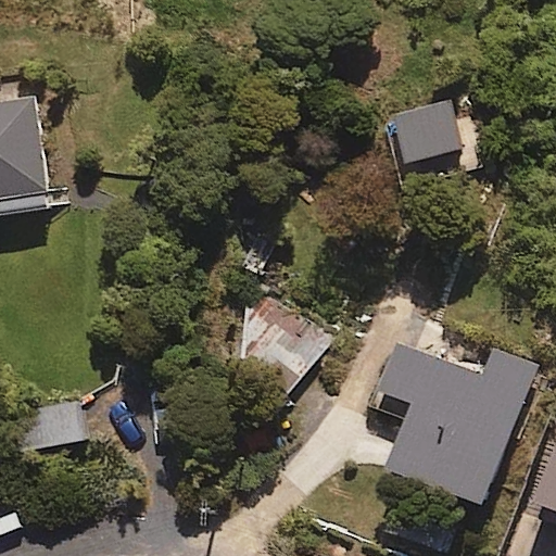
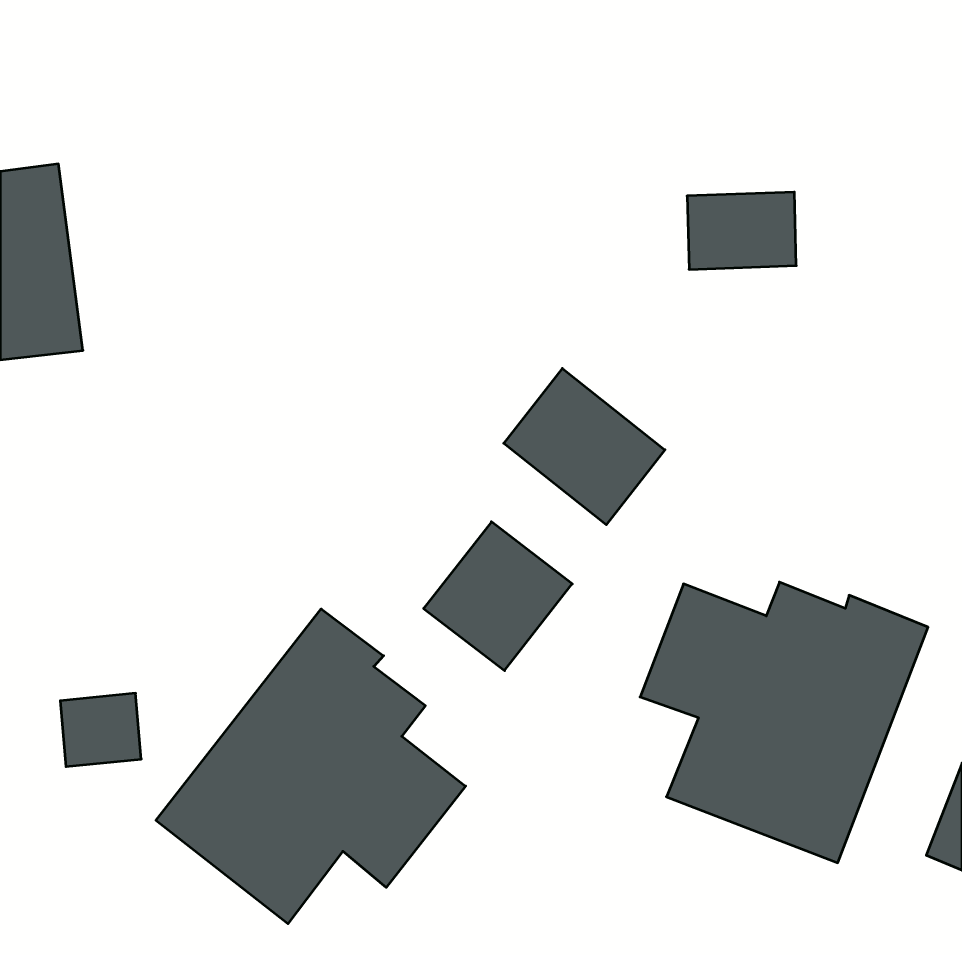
building: none -> [504,368,665,525]
building: none -> [156,609,466,924]

